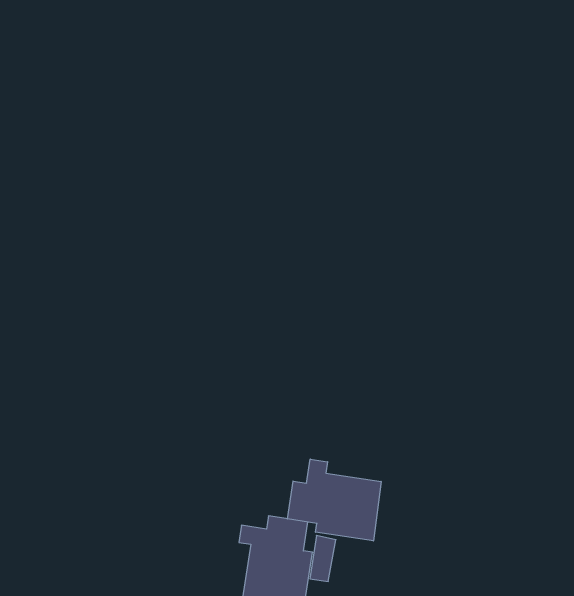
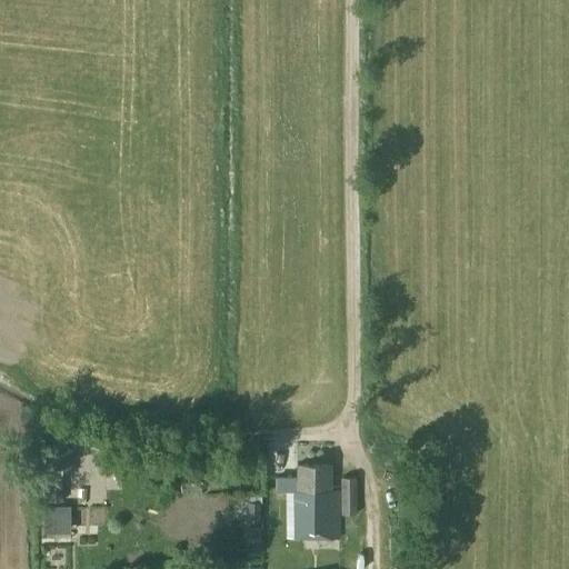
building: [287,459,381,541] -> none

